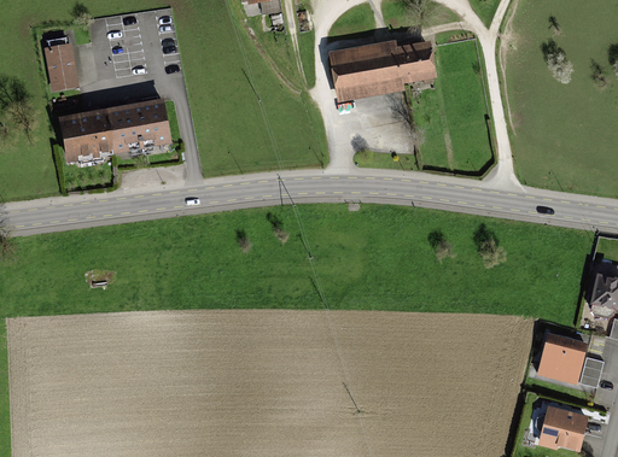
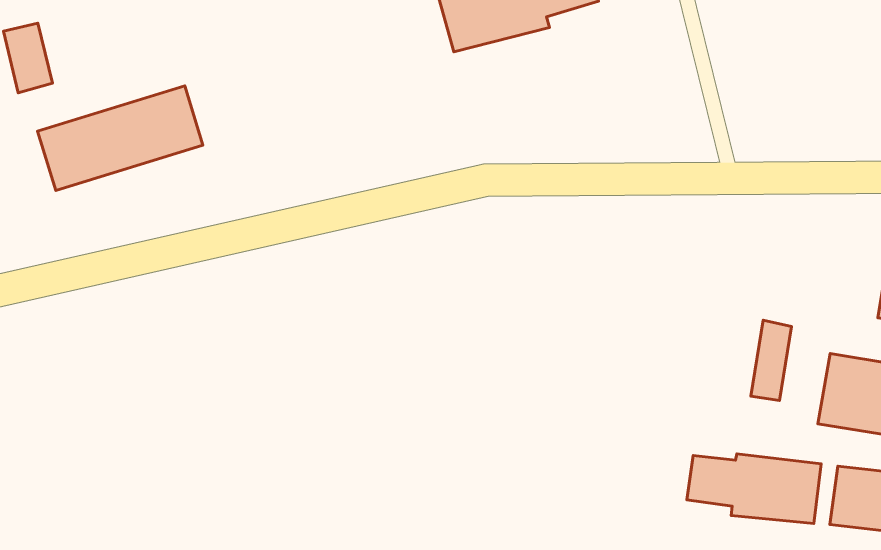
building: none -> [751,320,792,400]
building: none -> [687,454,821,524]

